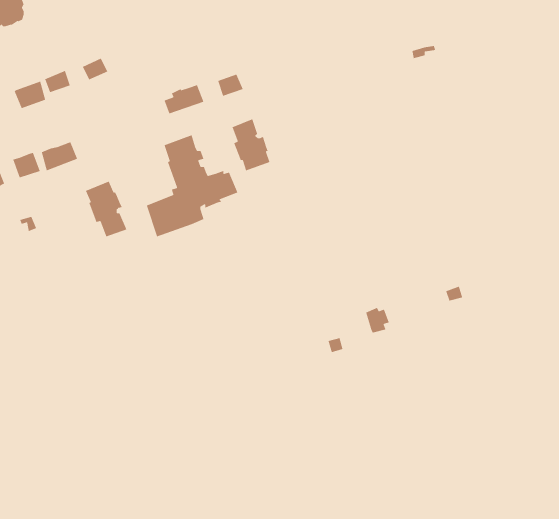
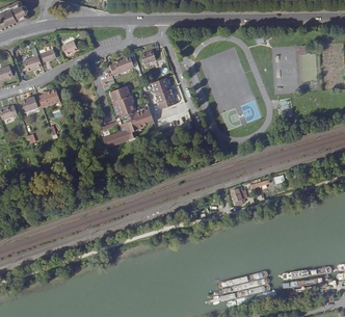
building: [85,180,128,237] -> none

